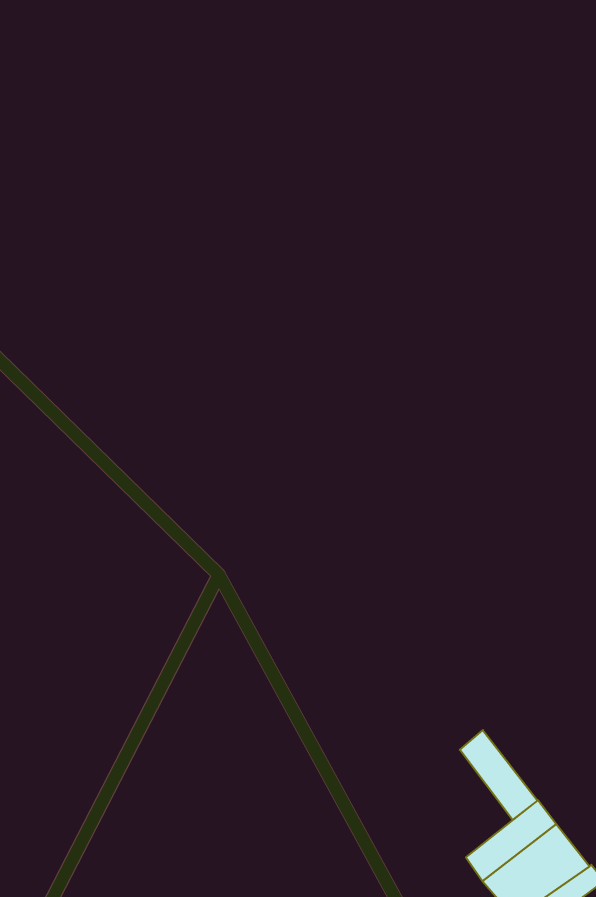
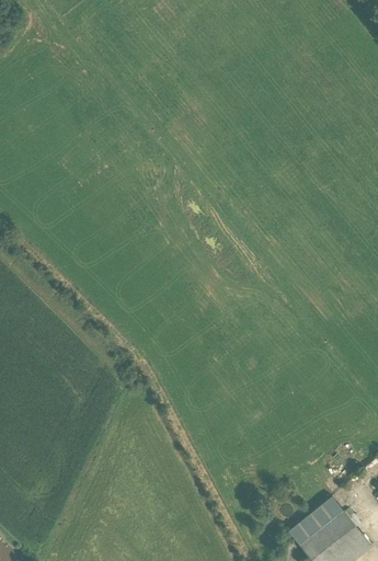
building: [460,730,537,820] -> none

